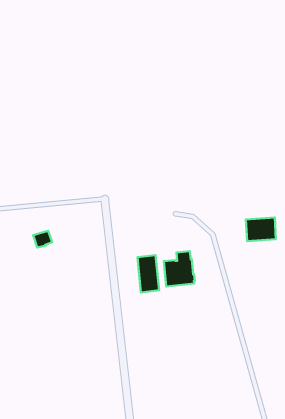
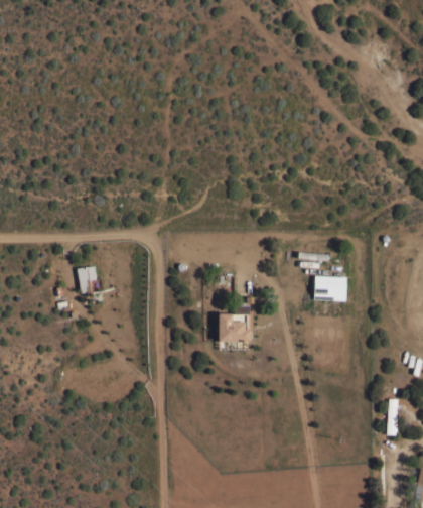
building: [137,255,159,292] -> none

